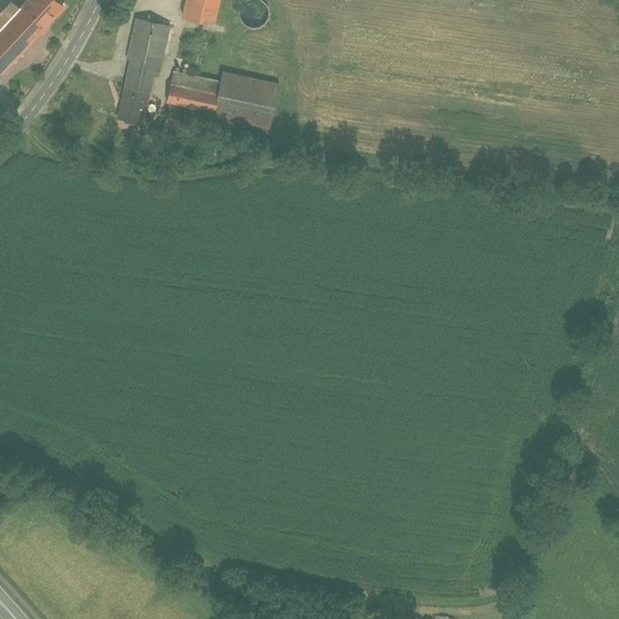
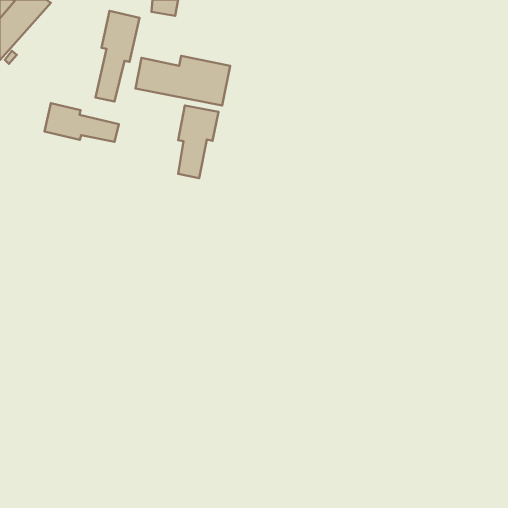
building: none -> [45,103,119,142]
building: none -> [178,105,219,178]

